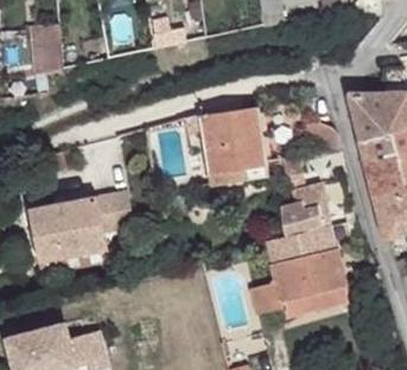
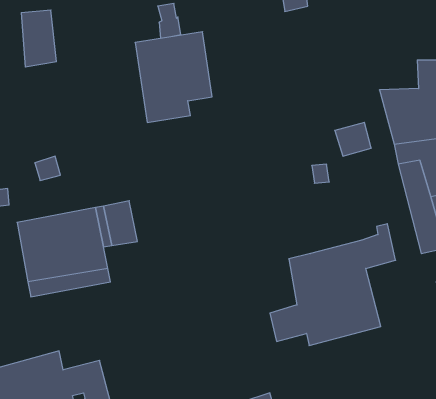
building: [199,107,267,186] -> [135,32,212,122]
building: [280,181,331,237] -> none

